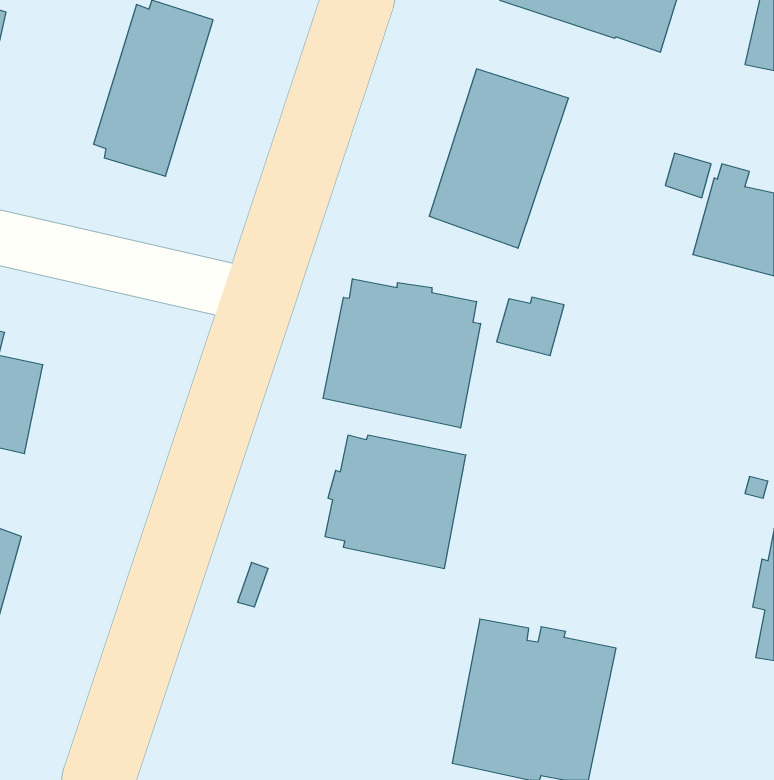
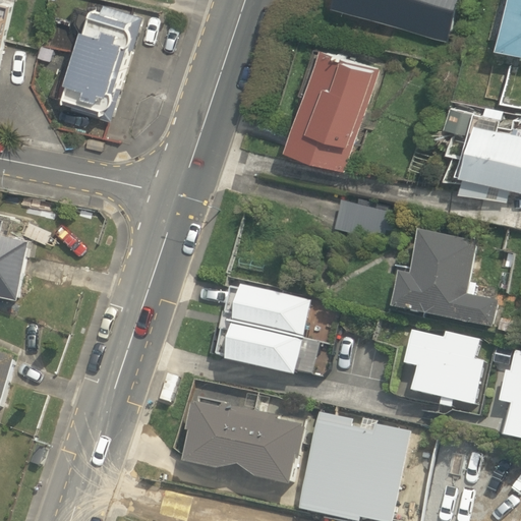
building: [323,279,481,428] -> none
building: none -> [390,229,496,327]
building: none -> [405,332,483,408]
building: none -> [182,397,307,484]

